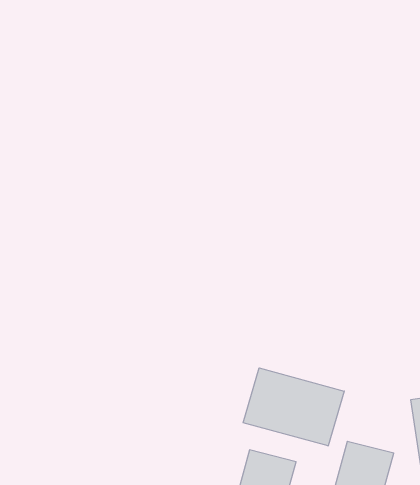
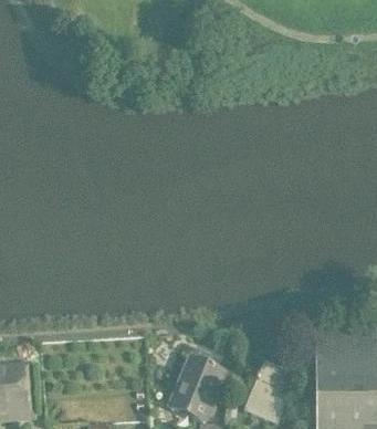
building: [243,368,344,446] -> none

